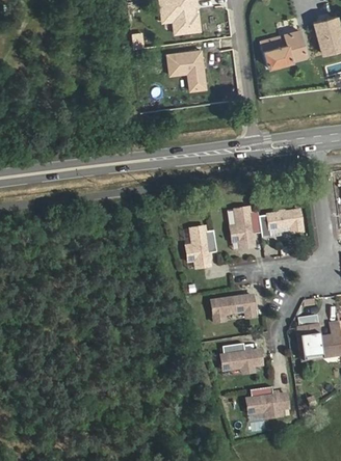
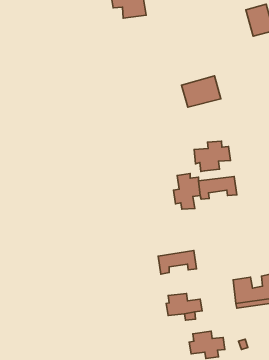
building: [261,30,306,65] -> [182,76,221,107]
building: [166,49,205,89] -> none
building: none -> [194,141,231,172]
building: [182,214,213,254] -> none

